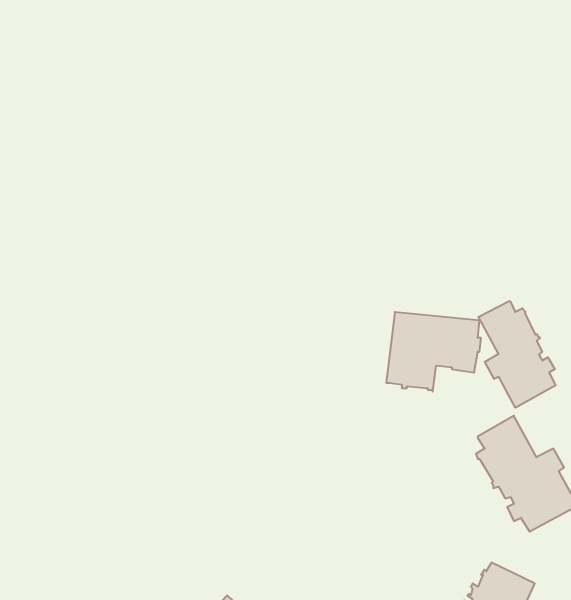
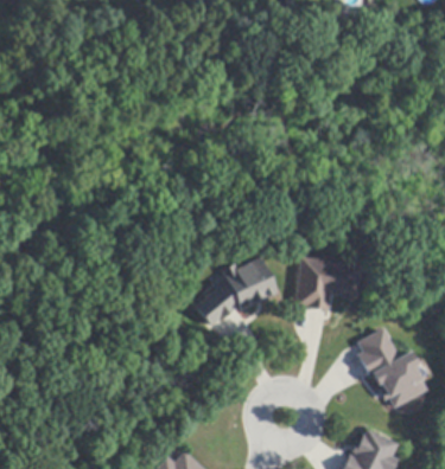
building: [478,301,555,408] -> none
building: none -> [196,257,278,327]

